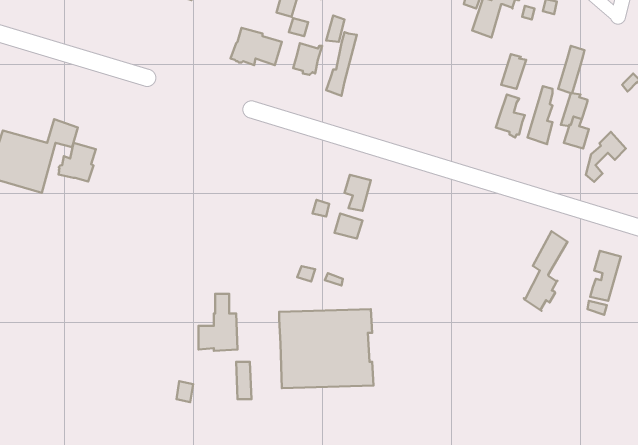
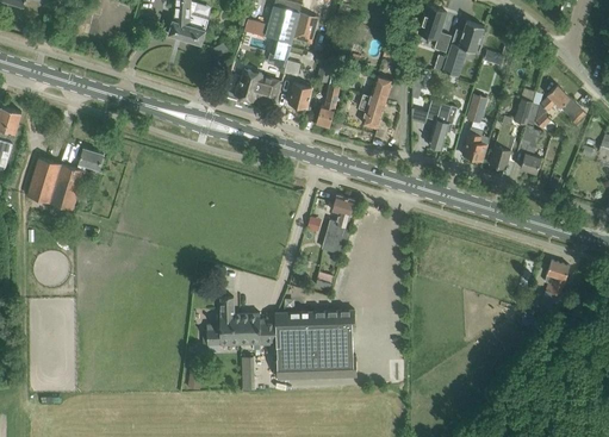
building: none -> [359,76,391,127]
building: none -> [415,90,456,150]
building: [586,132,626,182] -> [535,85,570,127]
building: [58,143,96,181] -> none
building: [524,231,567,311] -> none
building: none -> [238,313,276,345]

